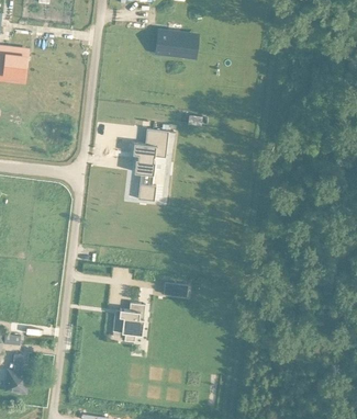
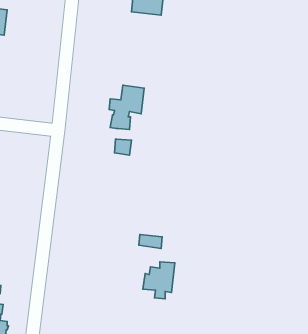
building: [111,303,144,341] -> [143,262,175,299]

